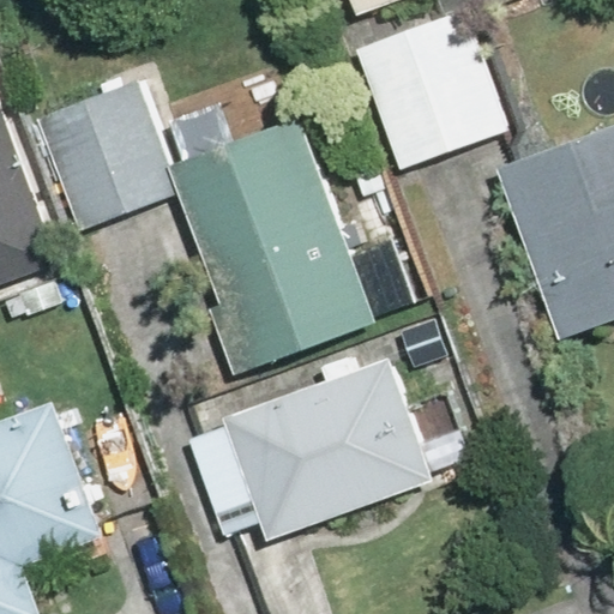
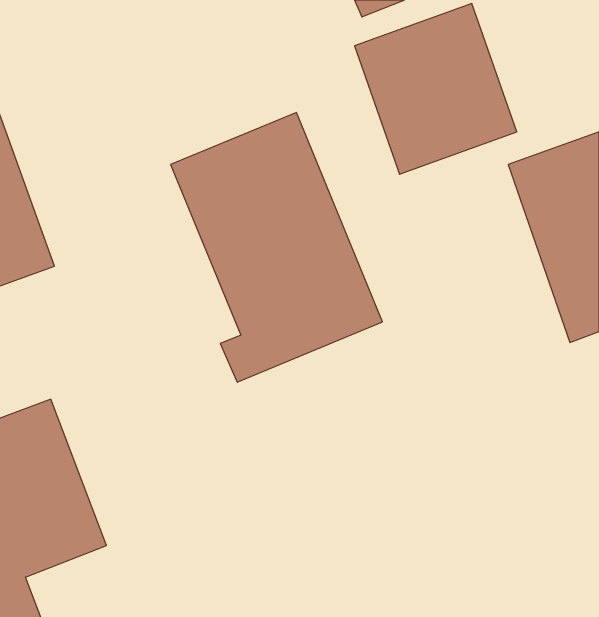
building: [30,66,169,235] -> none
building: [218,354,429,544] -> none

